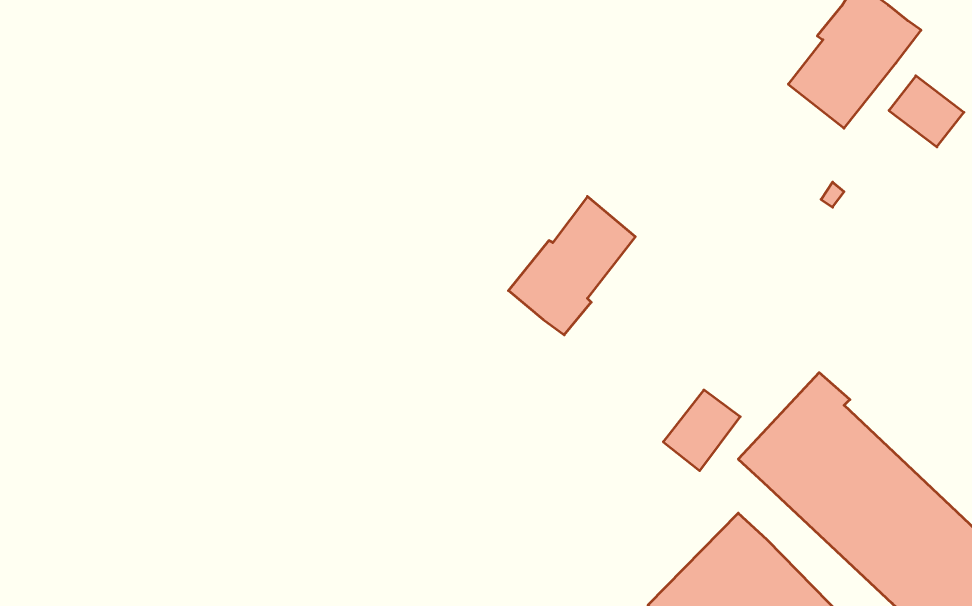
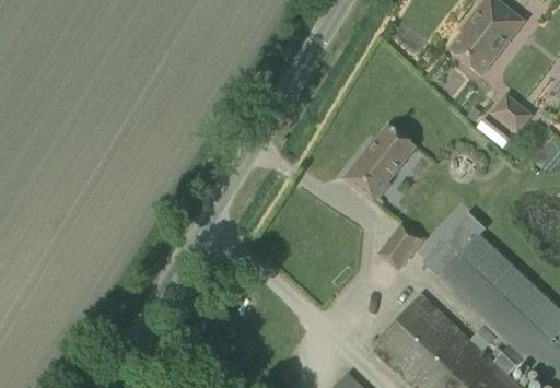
building: [889,76,964,147] -> [490,92,533,132]
building: [508,196,635,335] -> [343,124,416,202]

